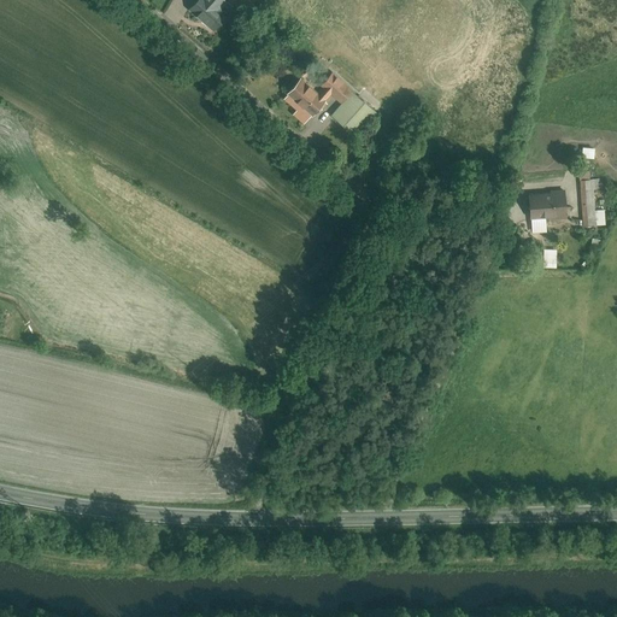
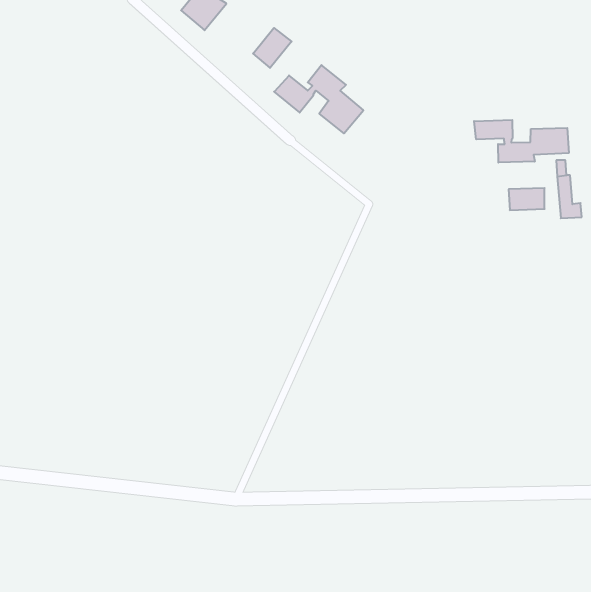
building: none -> [253,28,292,68]
building: none -> [474,120,569,163]

